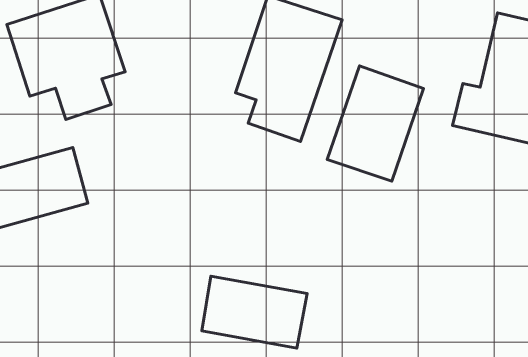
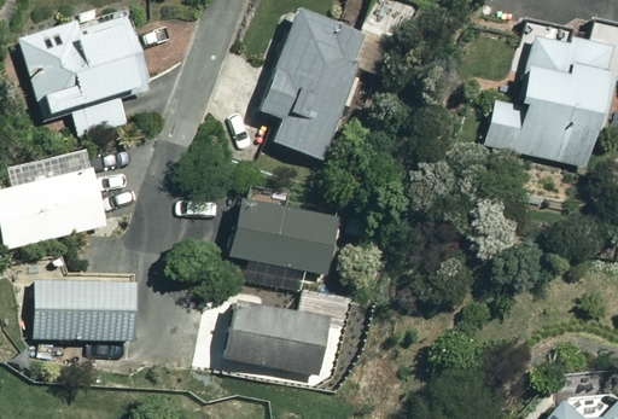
building: [327,66,423,181] -> none
building: none -> [228,202,342,292]
building: none -> [36,279,135,341]

